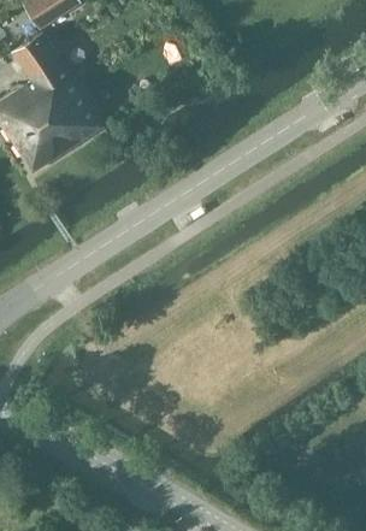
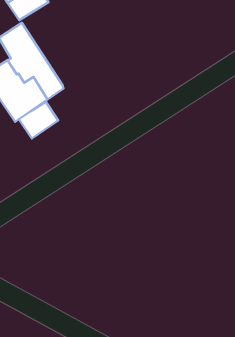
building: none -> [19,102,58,138]

